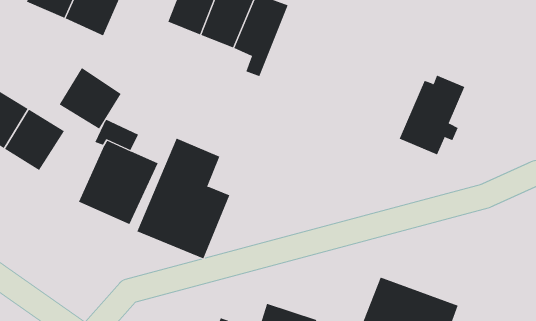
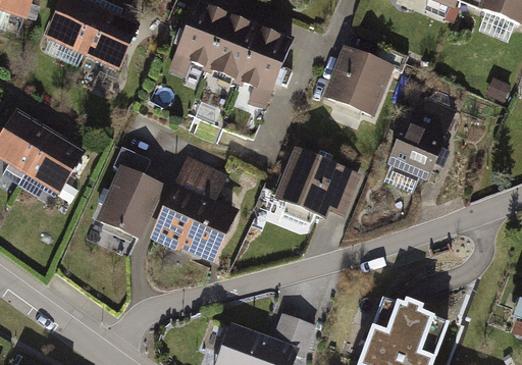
building: none -> [329,51,387,112]
building: [59,67,122,129] -> none
building: none -> [277,150,355,214]

